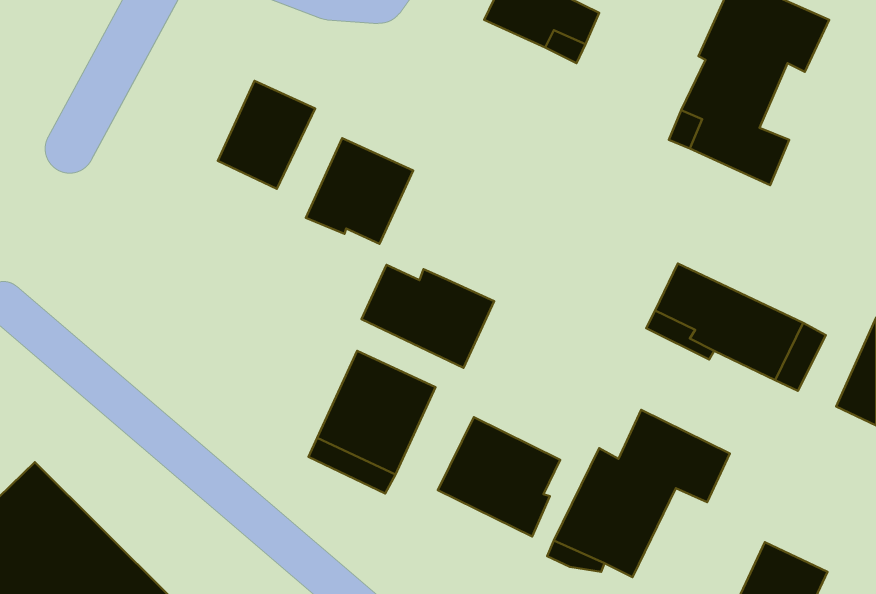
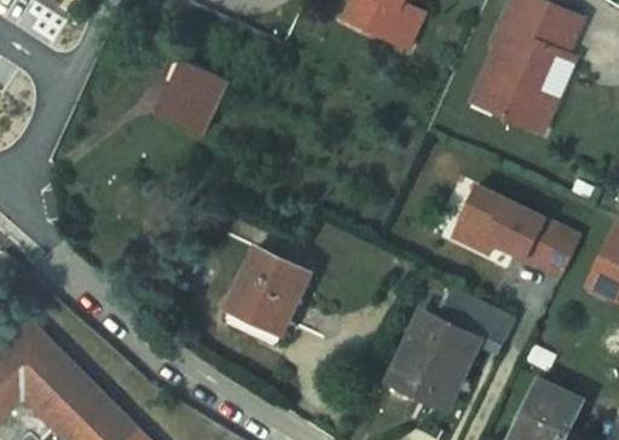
building: [306,138,413,244] -> none
building: [361,265,494,368] -> none
building: [438,417,560,536] -> none

